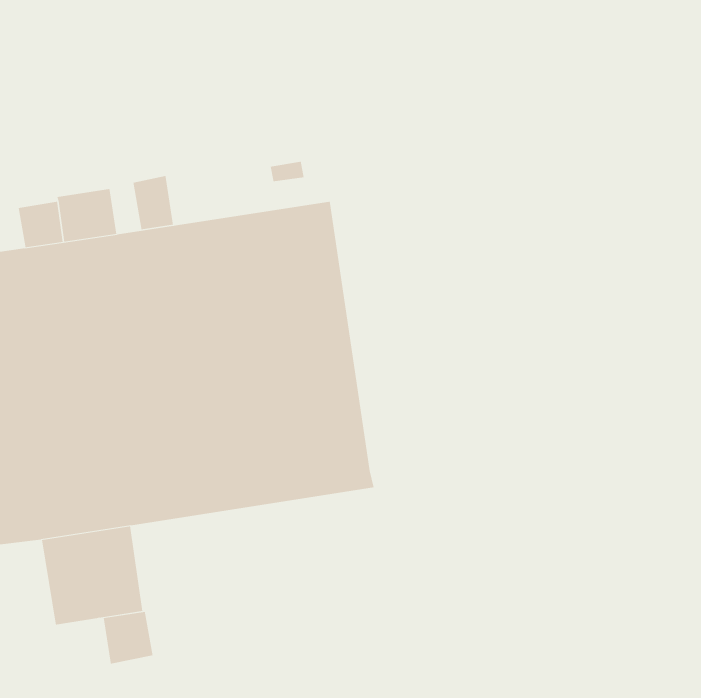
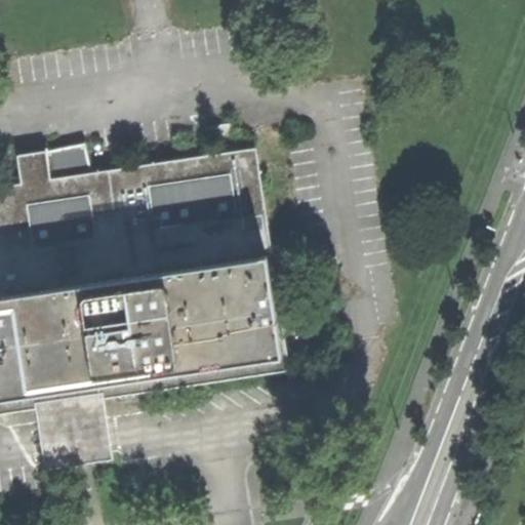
building: [133,175,174,230] -> none
building: [103,611,153,664] -> none

